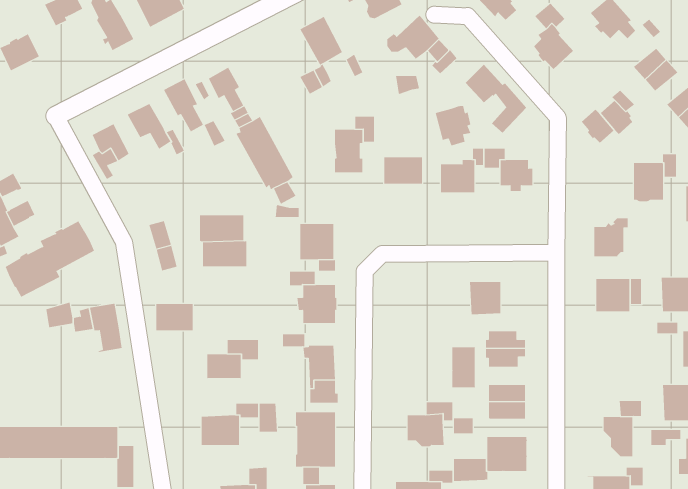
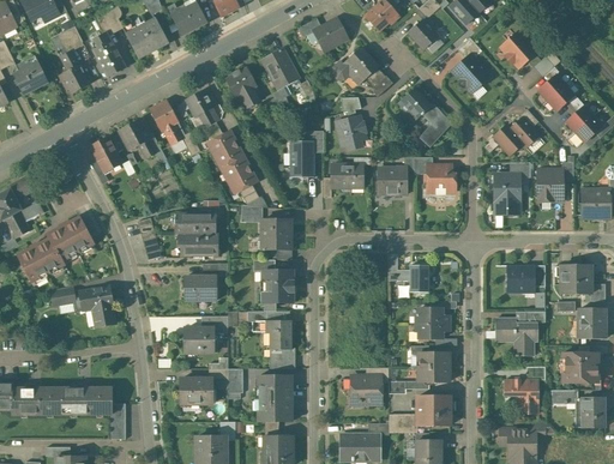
building: none -> [60,48,89,94]
building: none -> [225,67,259,108]
building: [435,106,471,146] -> [336,116,366,150]
building: [594,218,628,257] -> [494,169,523,201]
building: [156,303,193,331] -> [185,277,216,300]
building: none -> [495,318,536,356]
building: [452,346,478,388] -> none

